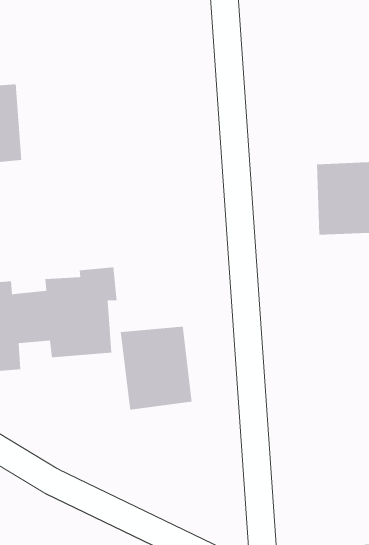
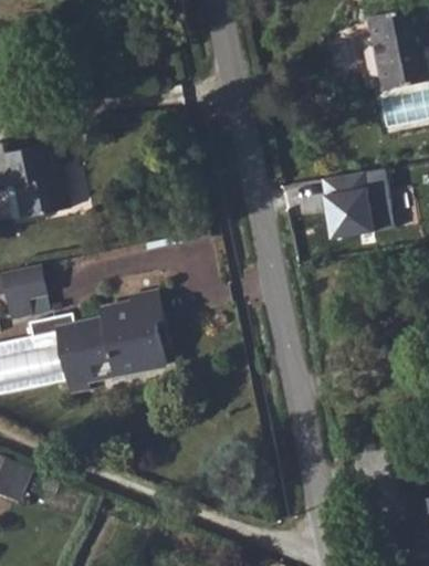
building: [120,326,192,410] -> none

